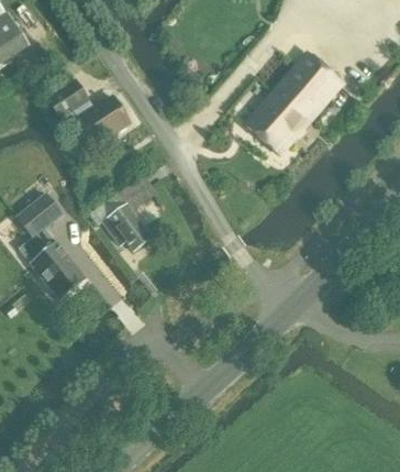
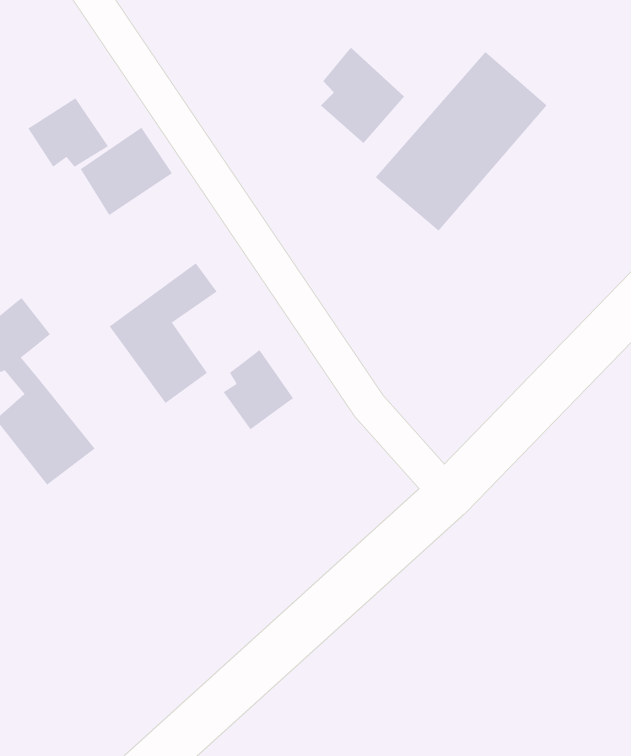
building: none -> [320,47,405,144]
building: none -> [223,349,294,430]

